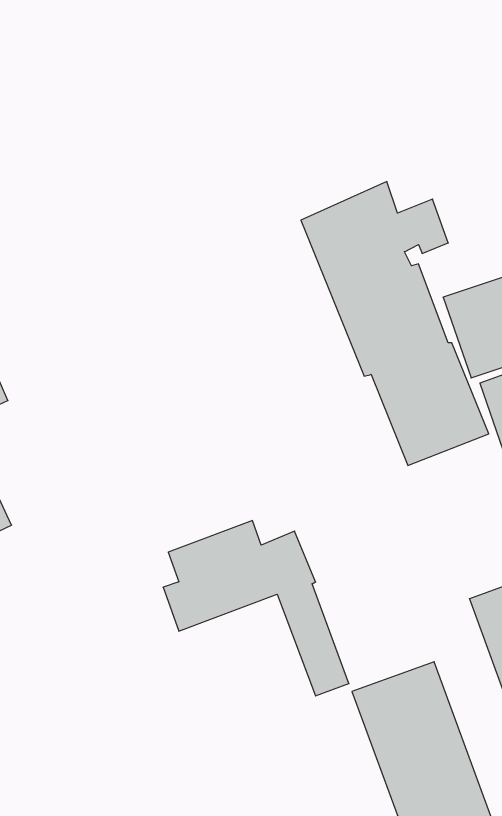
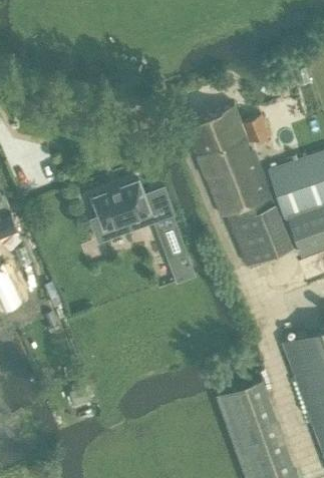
building: [163,521,349,696] -> [88,181,195,282]

